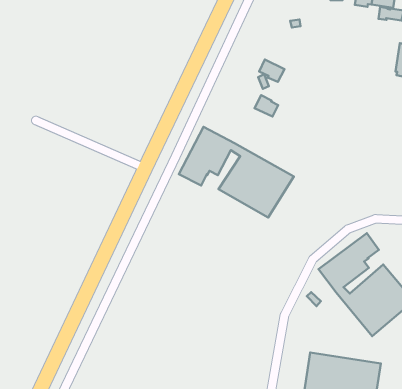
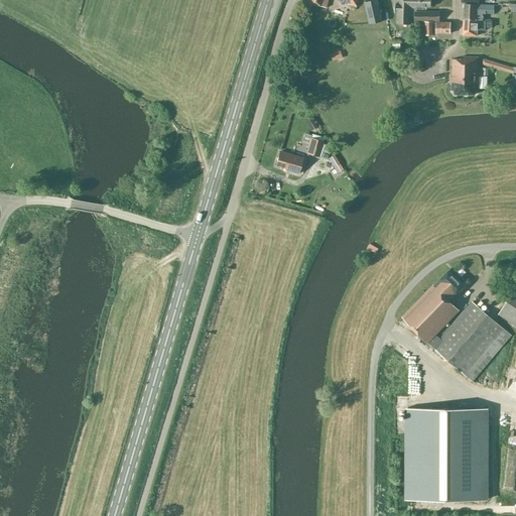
building: [259,59,285,82] -> [275,151,302,173]
building: [179,127,294,217] -> none

